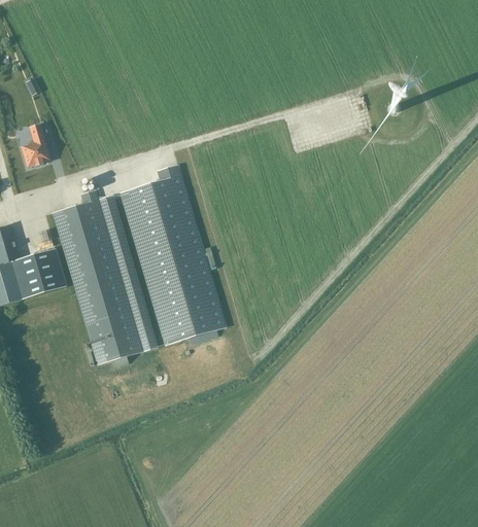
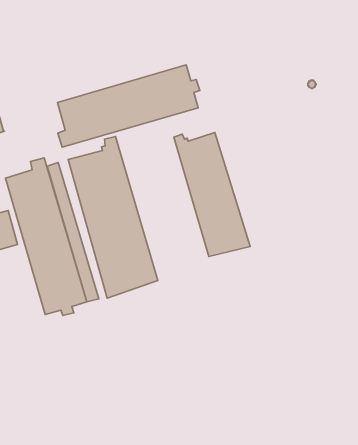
building: none -> [58,65,200,147]
building: none -> [174,133,250,256]

